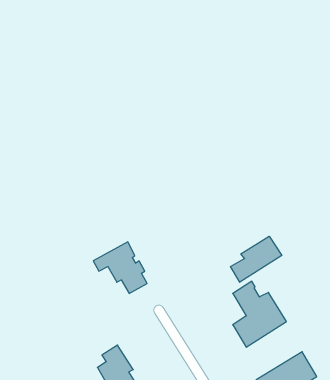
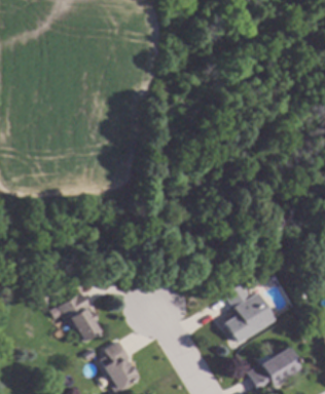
building: [230,236,282,282] -> none
building: [93,242,147,293] -> [49,293,99,341]

